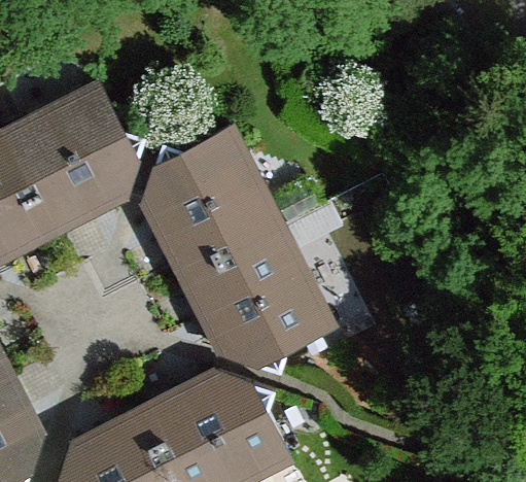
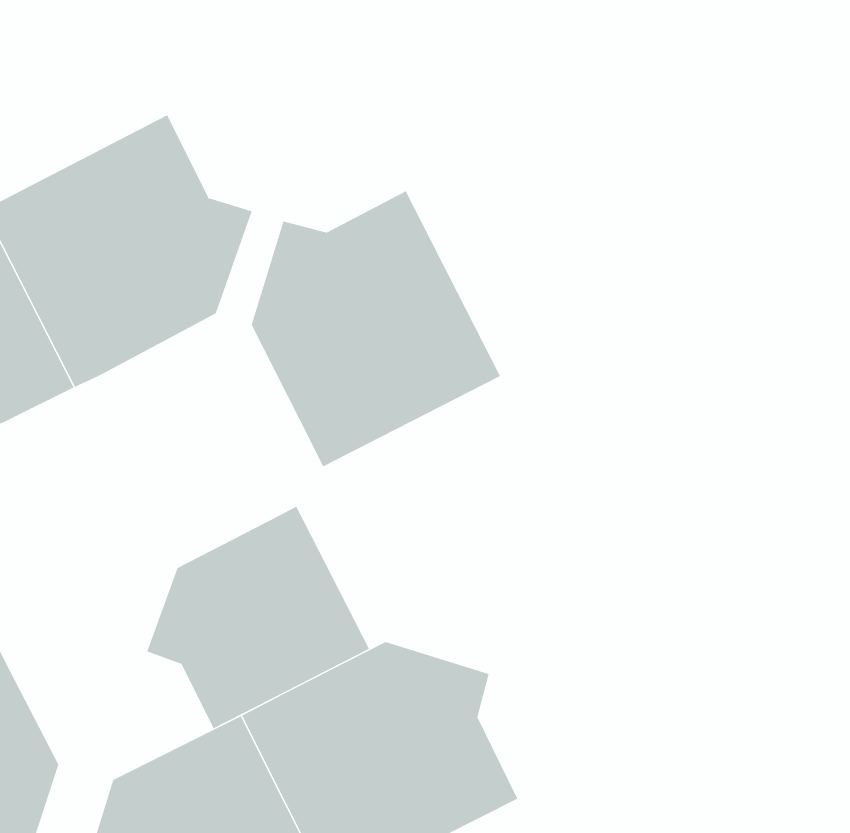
building: [184,228,332,373] -> none
building: none -> [146,506,370,729]

